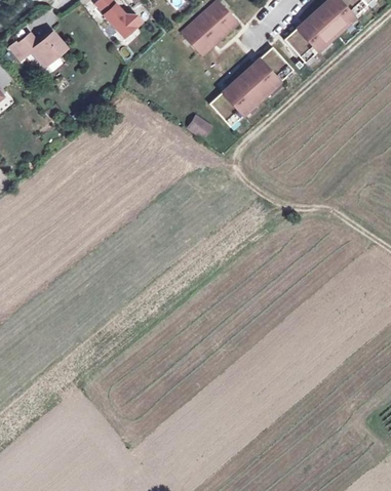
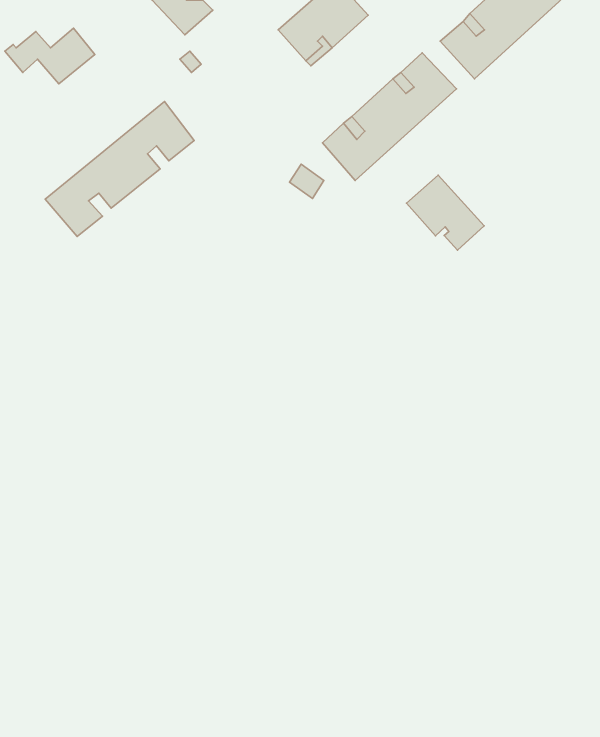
building: none -> [45,101,194,236]
building: none -> [407,175,484,250]

